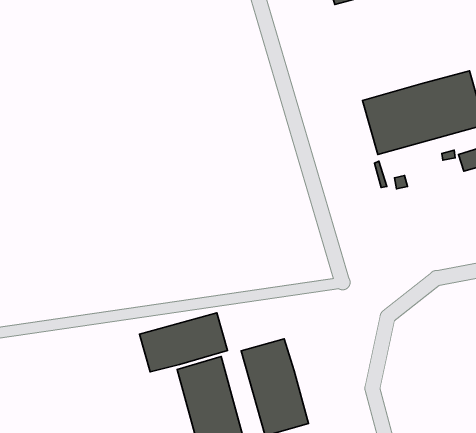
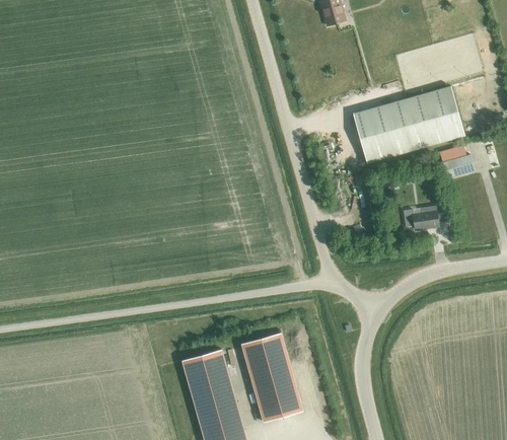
building: none -> [403,206,449,230]
building: [140,313,227,372] -> none

